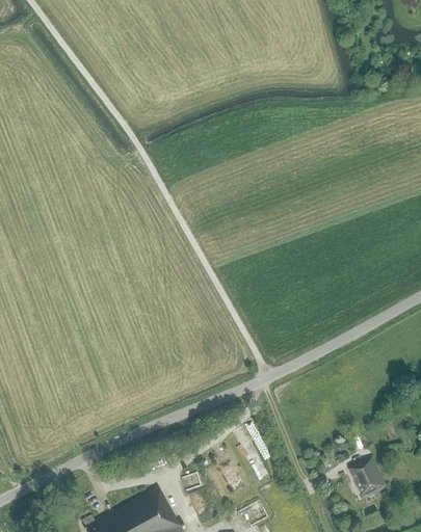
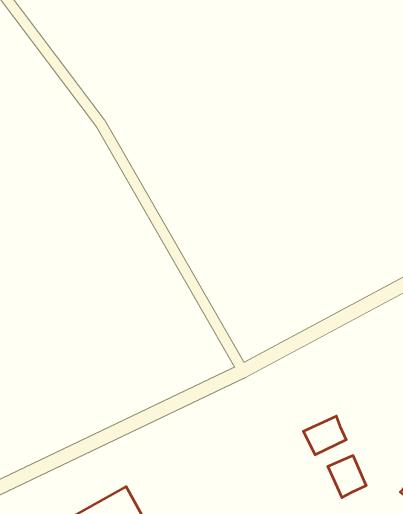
building: none -> [303,416,346,455]

